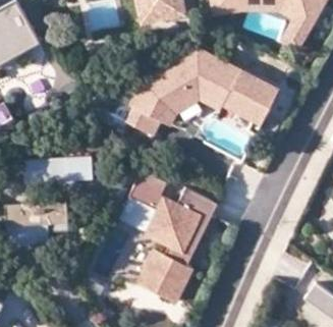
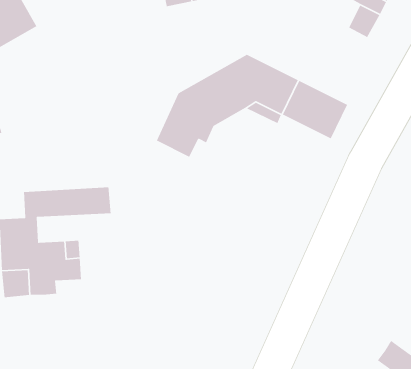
building: [129,169,217,302] -> none

